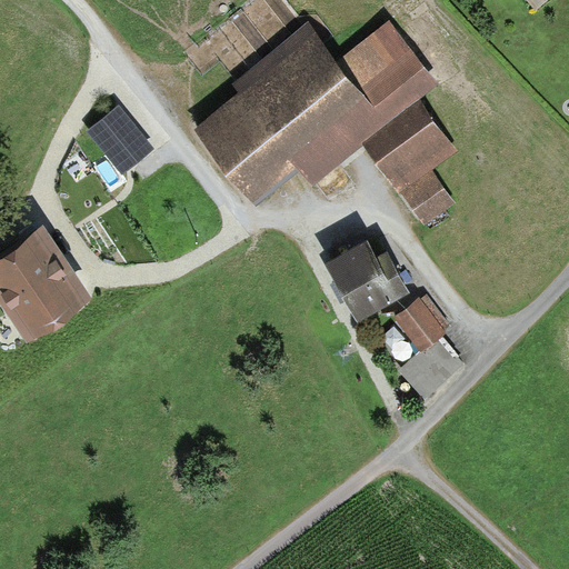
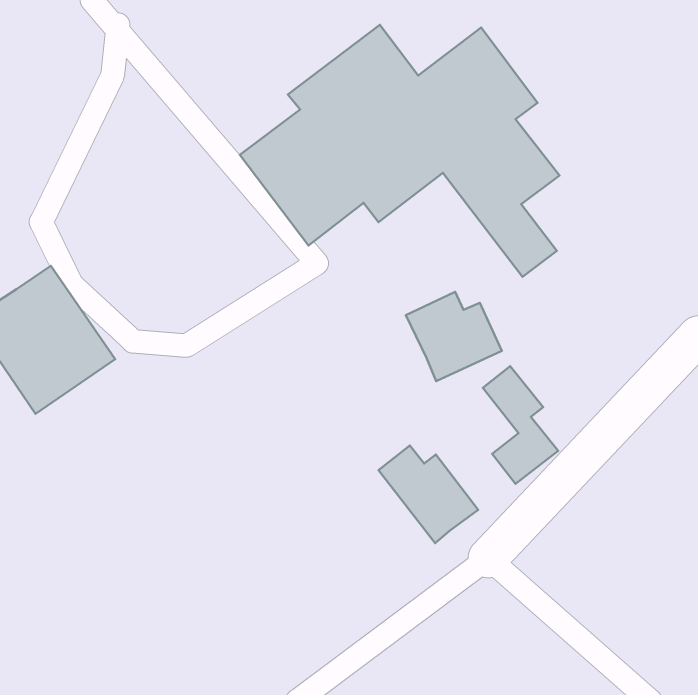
building: [86,107,153,178] -> none
building: none -> [378,446,478,543]

